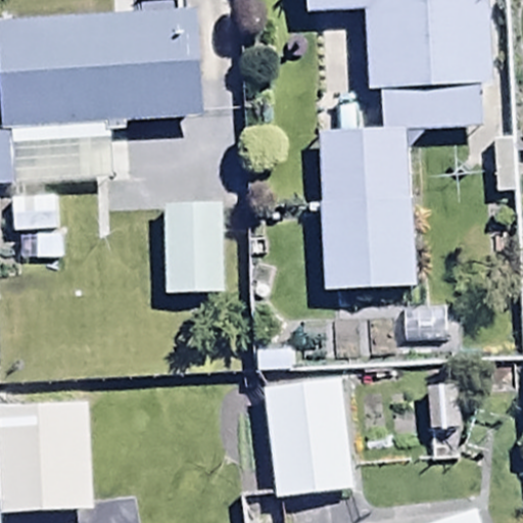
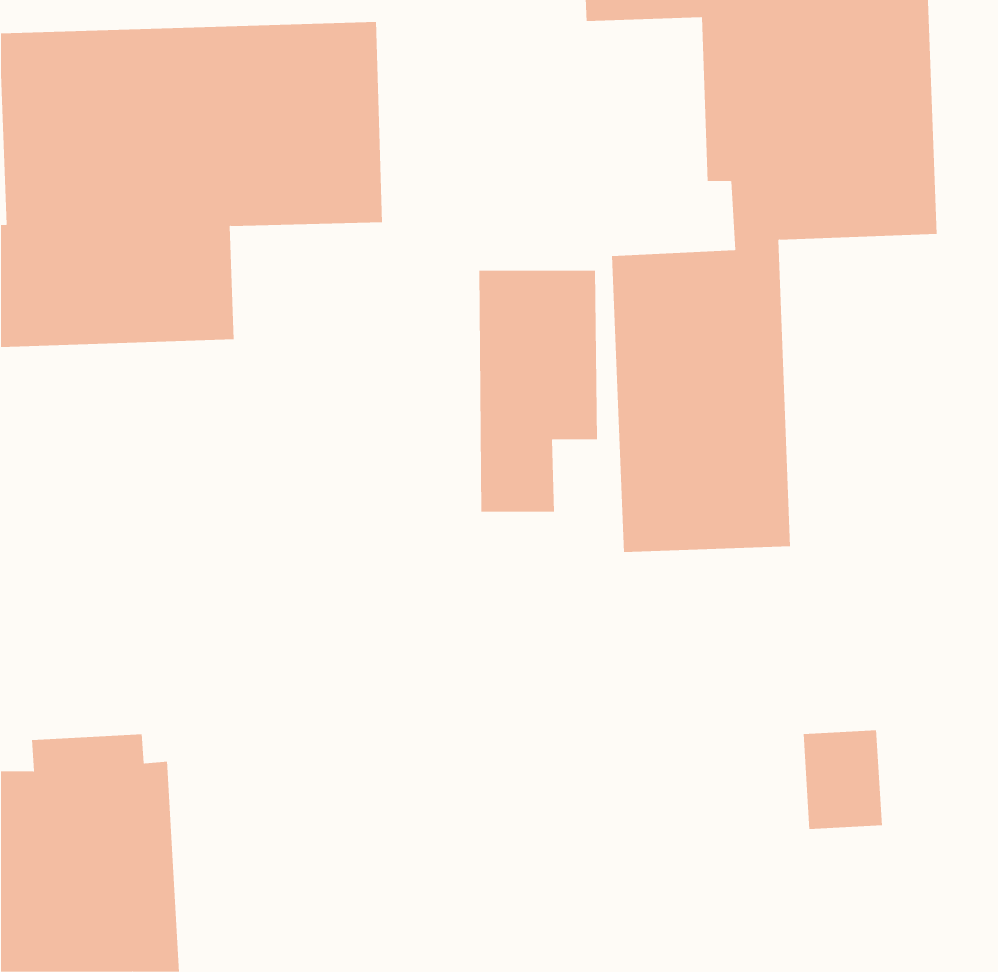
building: [160,201,223,328] -> [479,270,598,512]
building: [263,374,360,496] -> none

